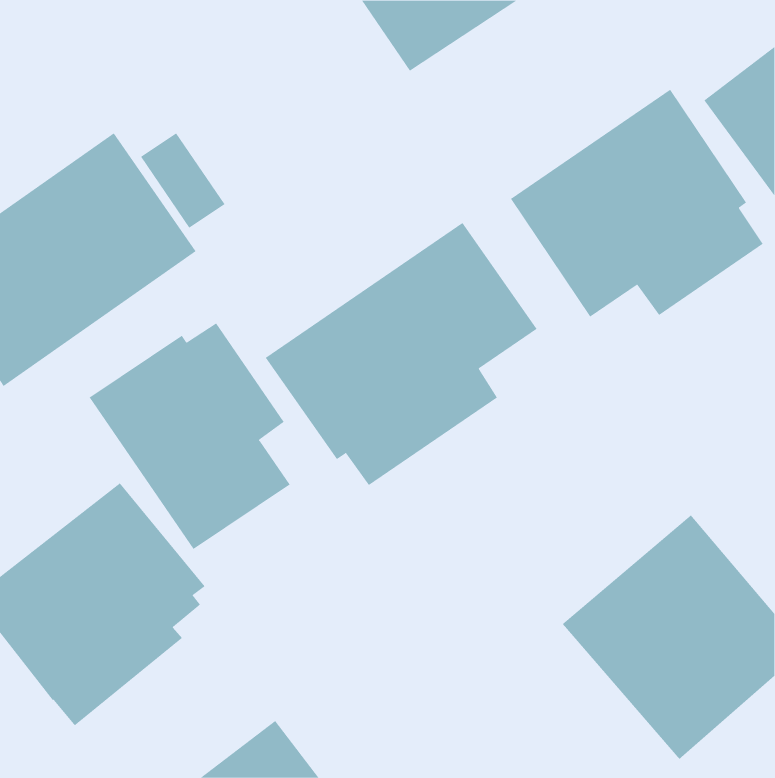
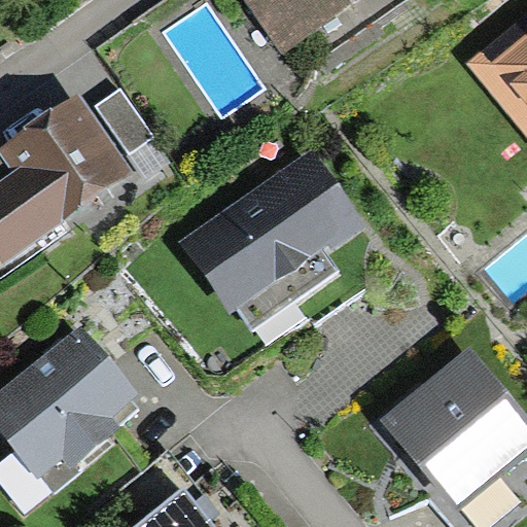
building: [510,89,763,317] -> none
building: [89,322,290,550] -> none

